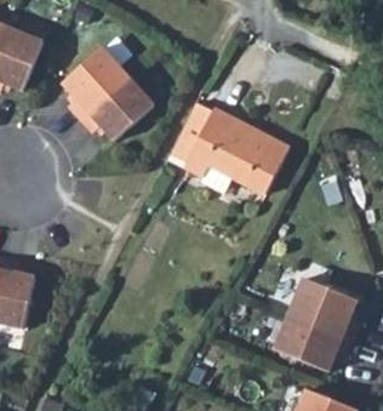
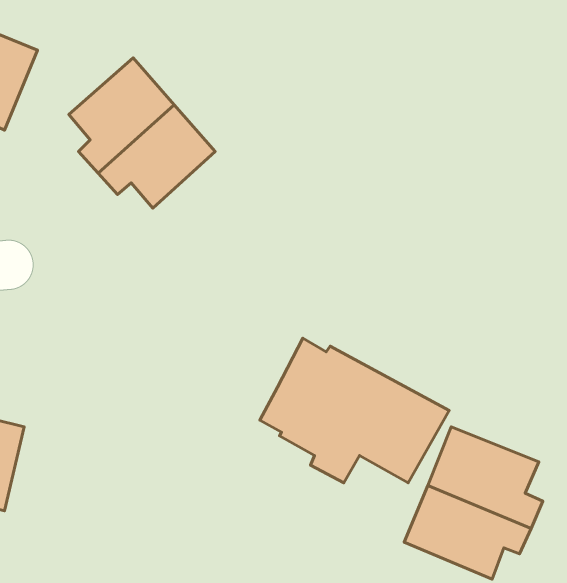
building: [175,89,292,178] -> [260,338,449,483]

